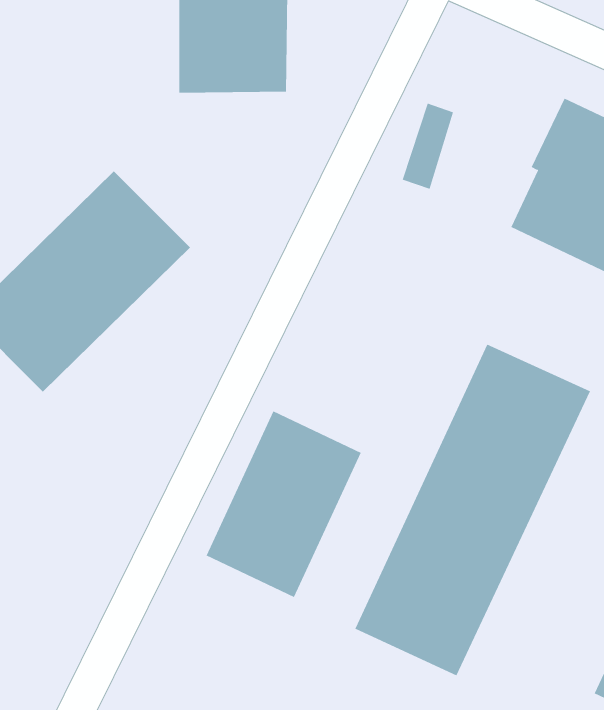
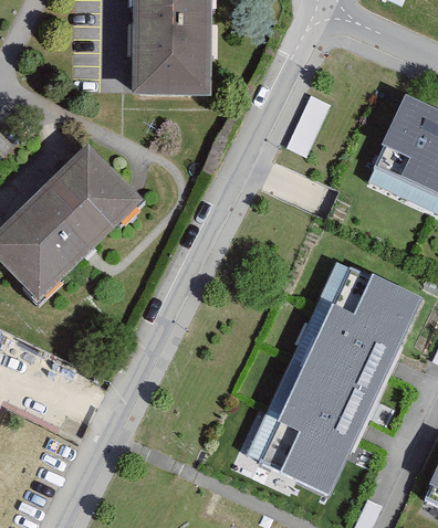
building: [206,410,362,598] -> none

